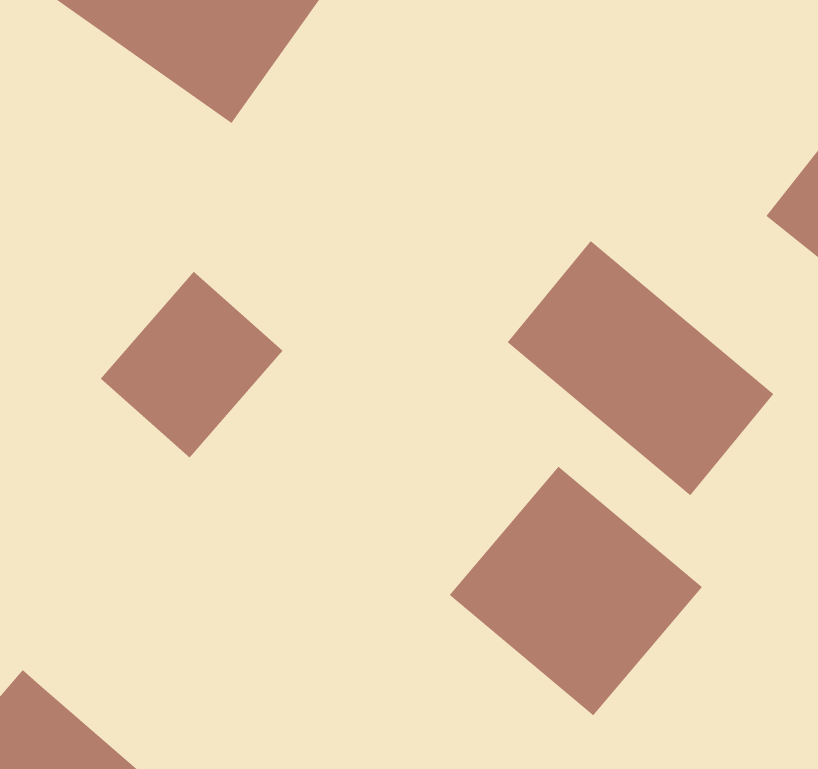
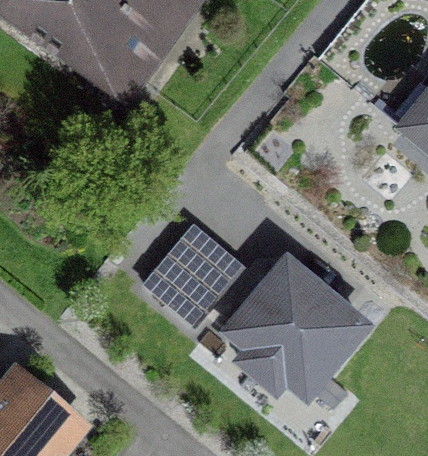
building: [507,240,774,496] -> none
building: [100,271,284,458] -> [150,226,244,322]

